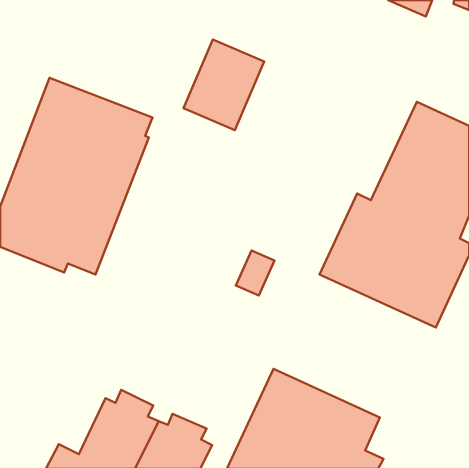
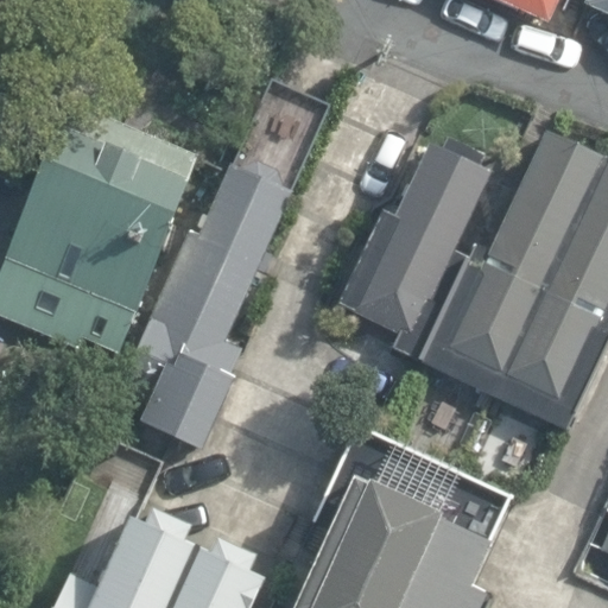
building: none -> [334,134,489,356]
building: none -> [121,162,294,446]

